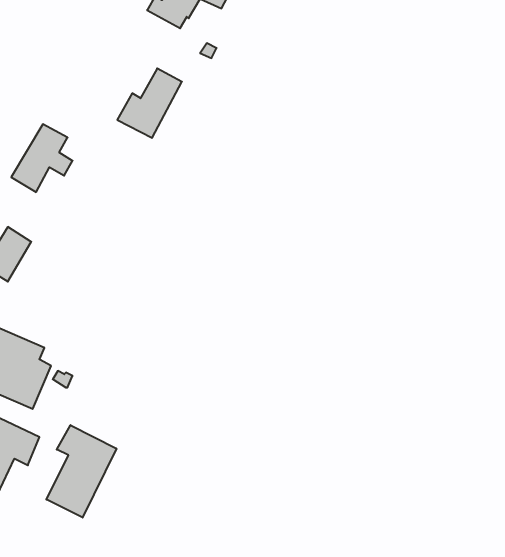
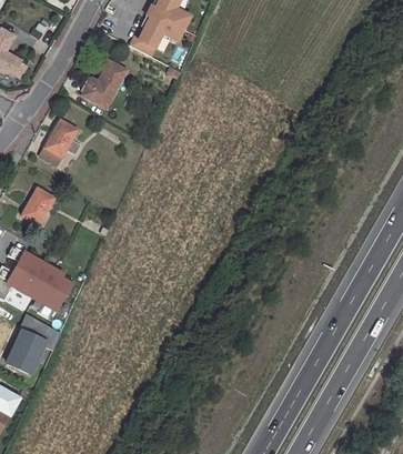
building: [117,68,182,138] -> [82,60,125,107]
building: [46,425,116,518] -> none

